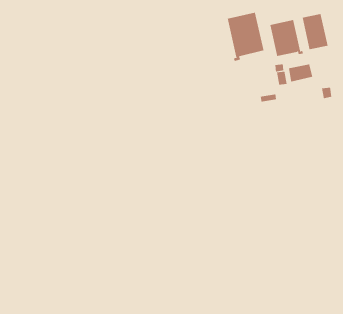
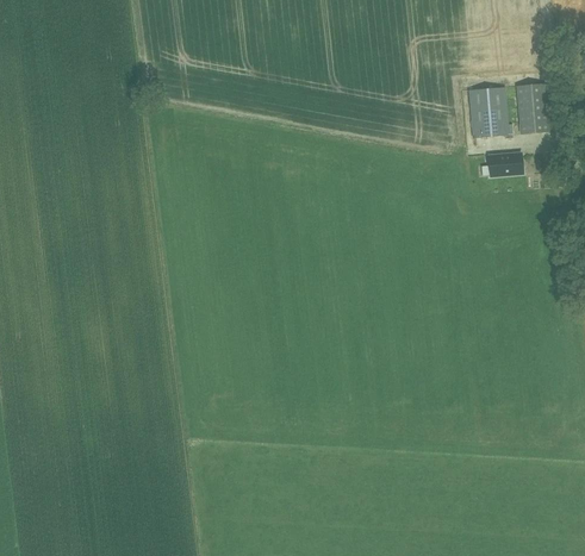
building: [227,12,264,62] -> none

